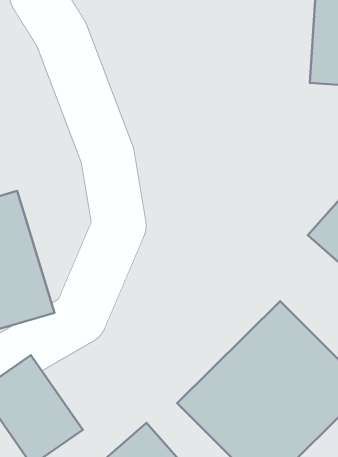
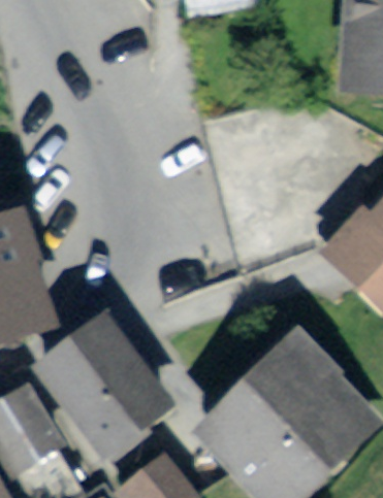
building: none -> [45,332,172,460]

